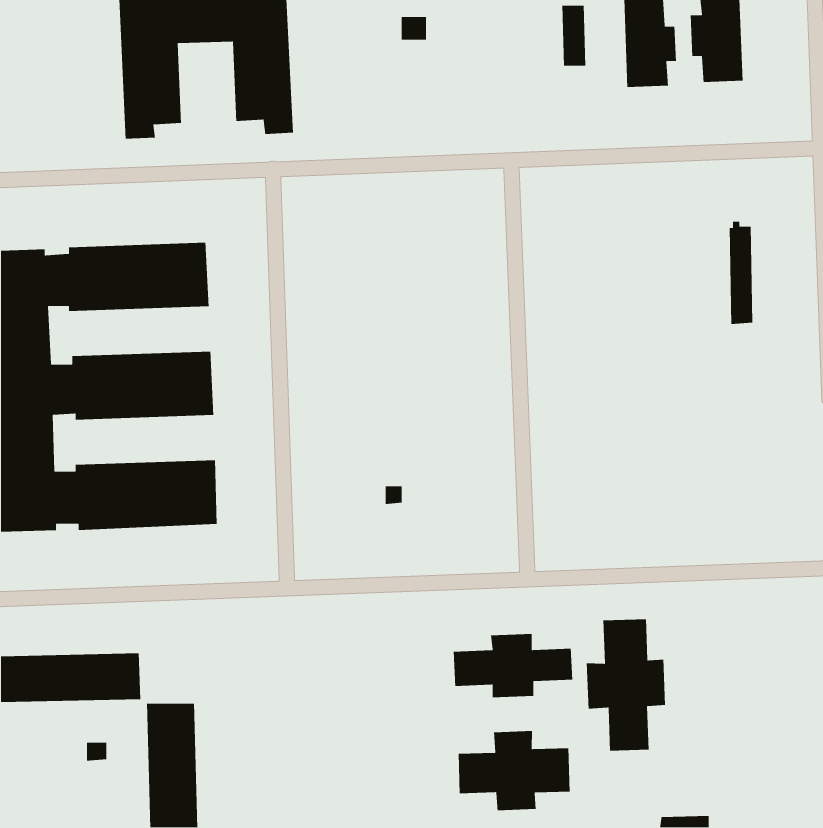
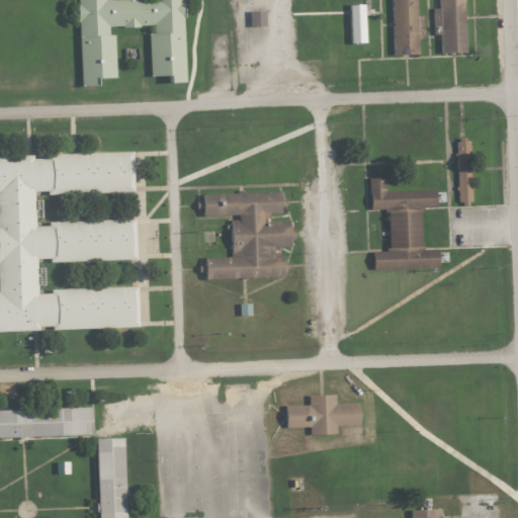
building: none -> [370,177,440,270]
building: none -> [203,192,293,280]
building: [586,618,666,751] -> none
building: [458,730,571,811] -> none

